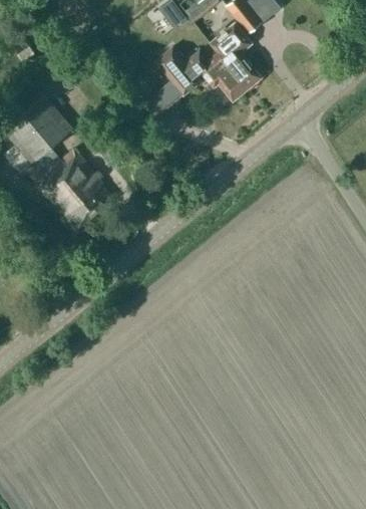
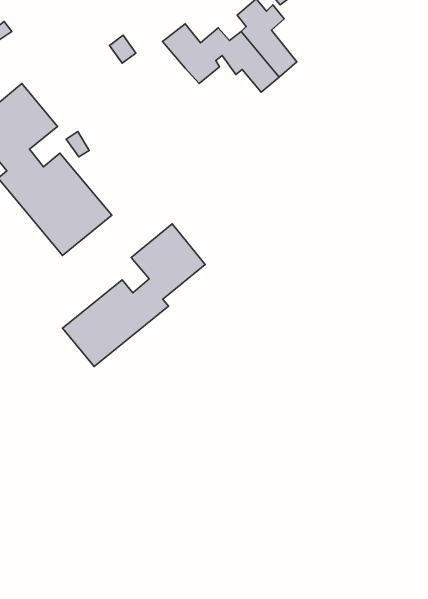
building: none -> [63,224,205,367]

